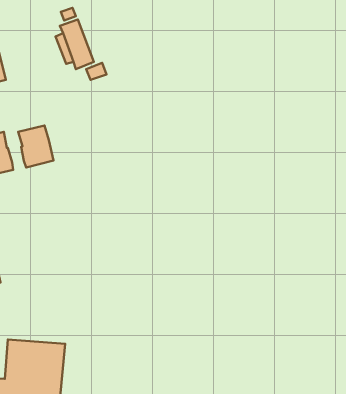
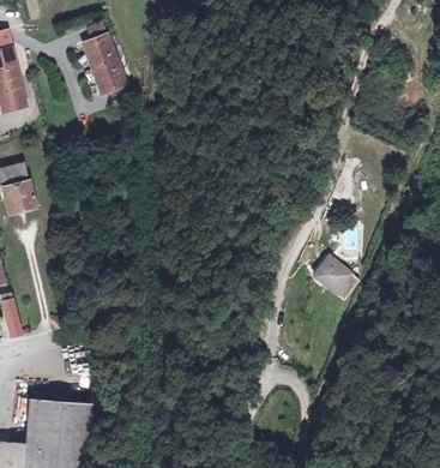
building: [18,126,54,167] -> none
building: none -> [314,256,352,294]

